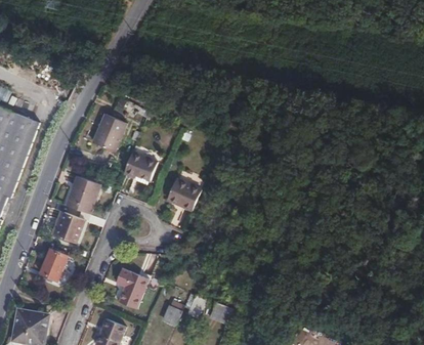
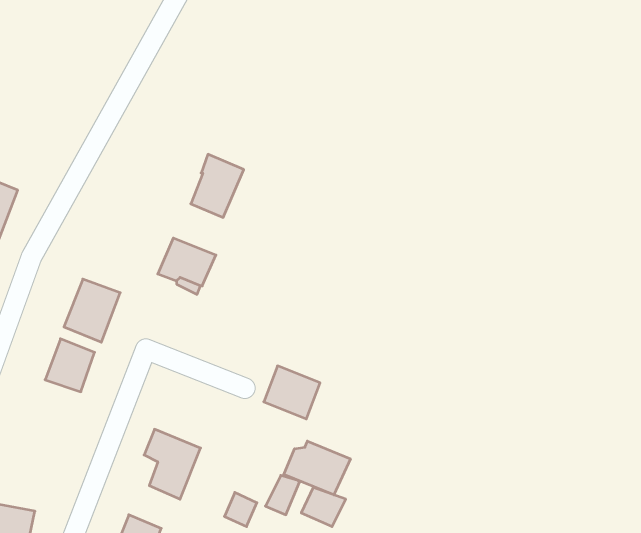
building: [92,115,124,153] -> [191,154,244,217]
building: [165,177,199,209] -> [264,366,320,419]
building: [40,249,67,279] -> none
building: none -> [284,441,350,495]

